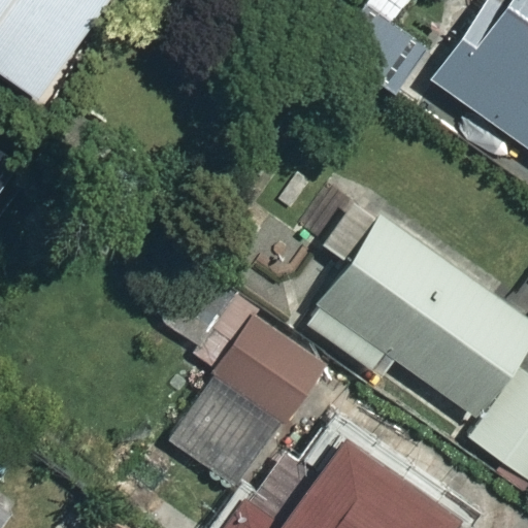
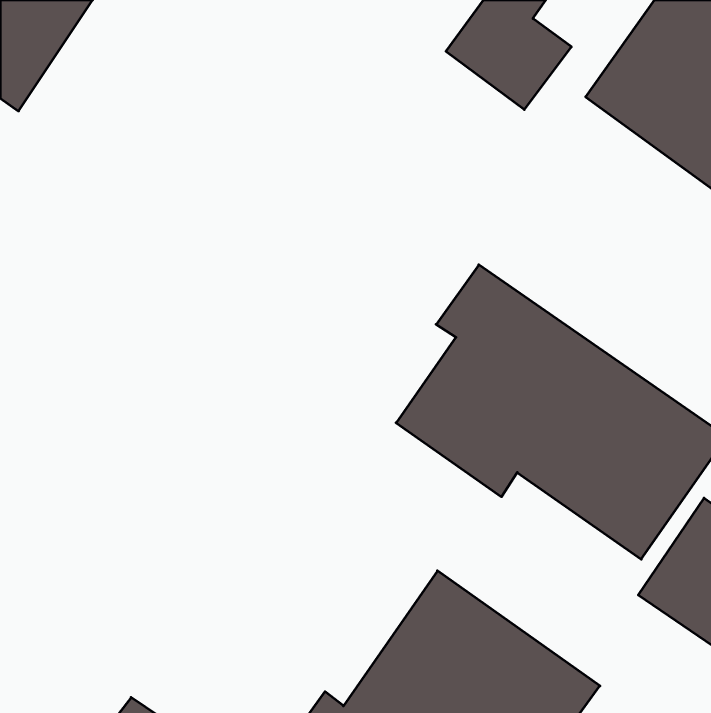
building: [156,260,326,491] -> none

